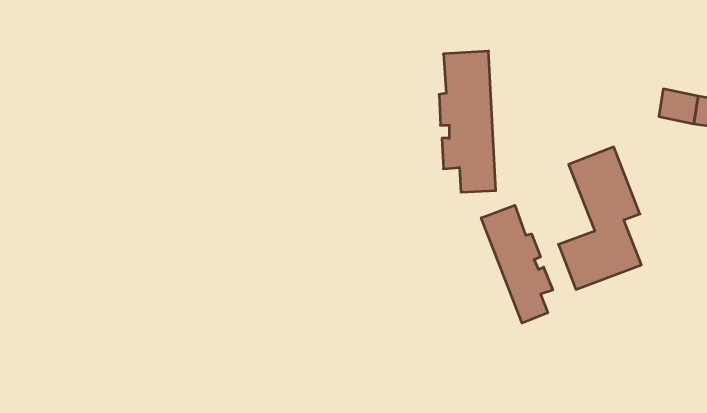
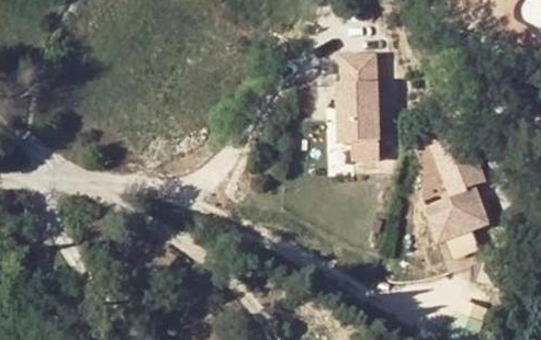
building: [481,205,553,323] -> none

